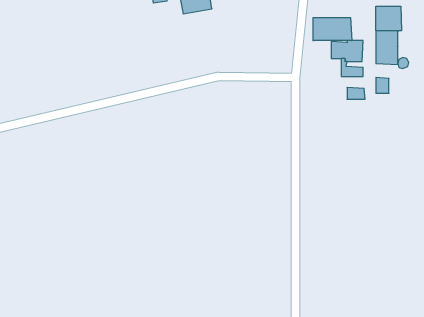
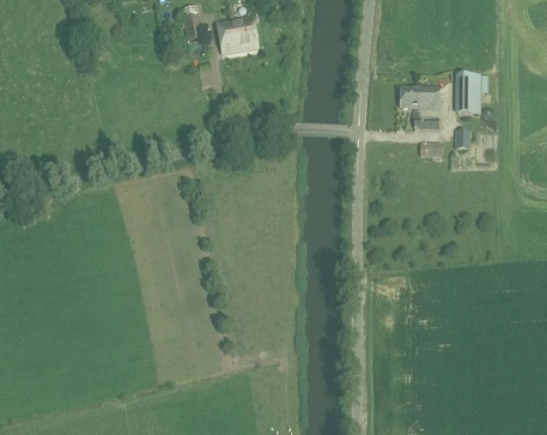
building: [376,6,401,31] -> none
building: [313,18,352,41] -> none

